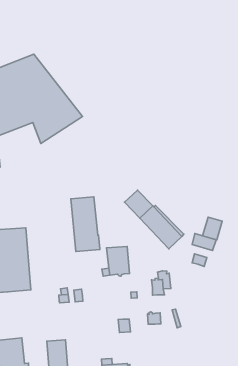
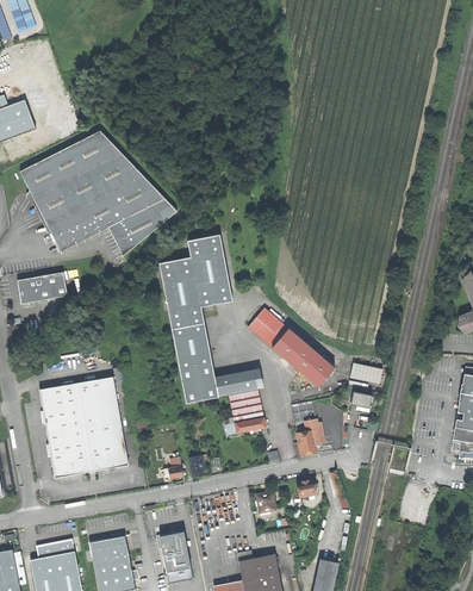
building: none -> [158,235,231,330]
building: [203,217,222,240] -> none
building: none -> [216,371,257,397]

